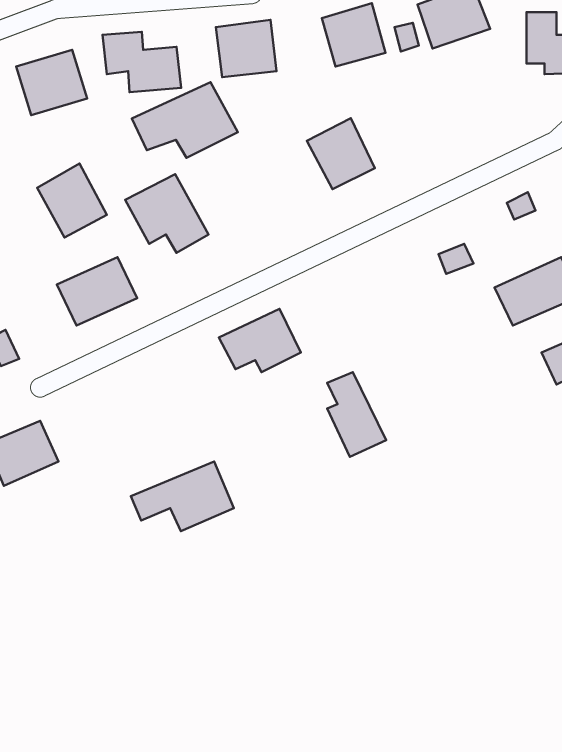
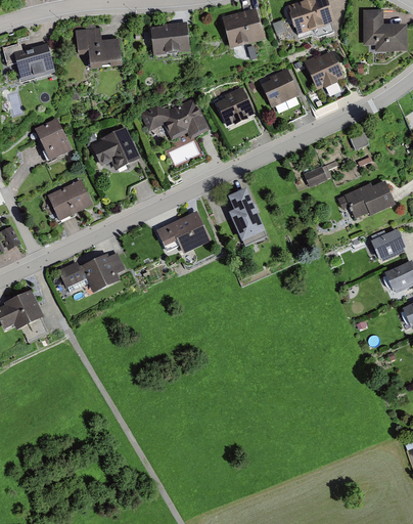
building: none -> [301,44,350,93]
building: [132,82,238,158] -> [140,94,212,145]
building: none -> [258,70,295,110]
building: [327,372,386,457] -> [226,189,266,247]
building: [131,461,234,531] -> [57,245,127,292]

